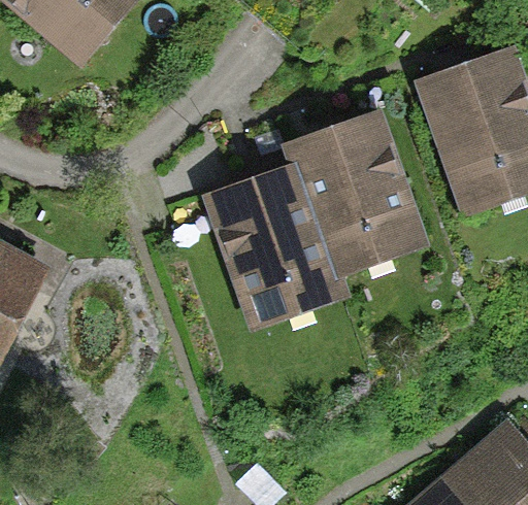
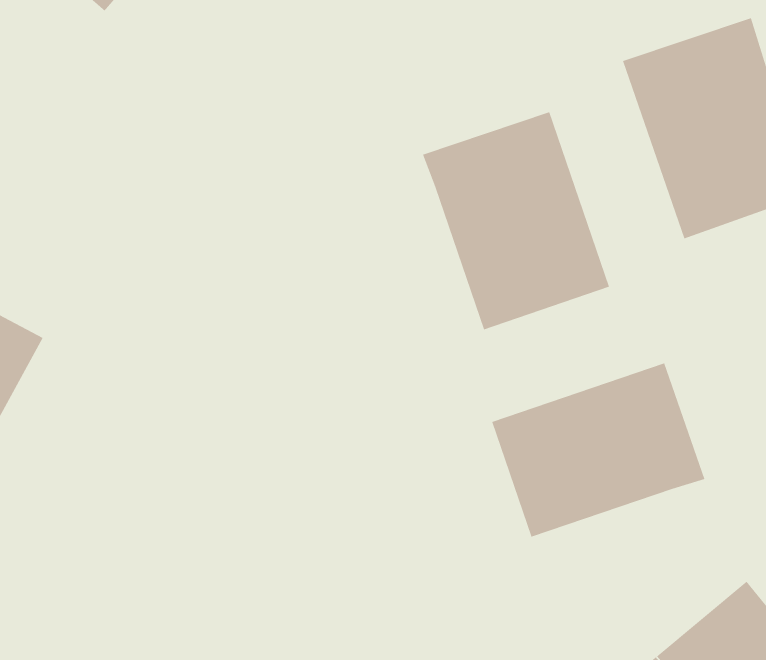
building: [214,170,341,321] -> none
building: none -> [491,362,705,538]

